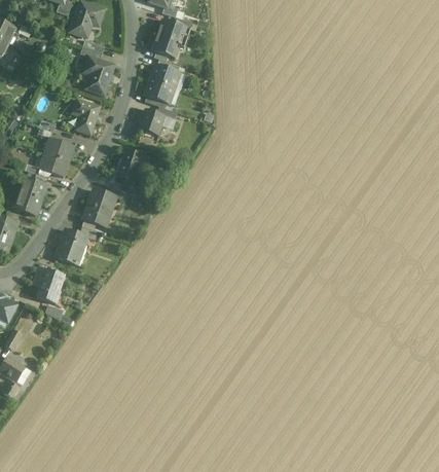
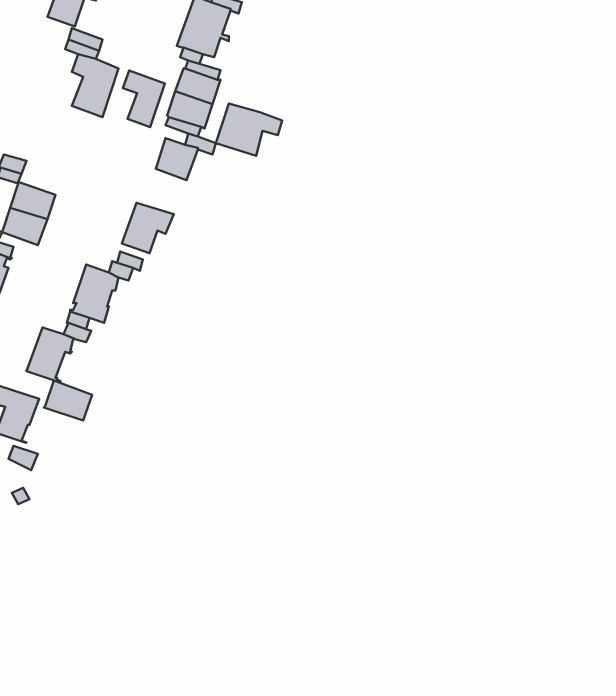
building: none -> [216,104,282,156]
building: [73,99,100,135] -> [123,70,165,127]
building: none -> [44,380,92,421]

